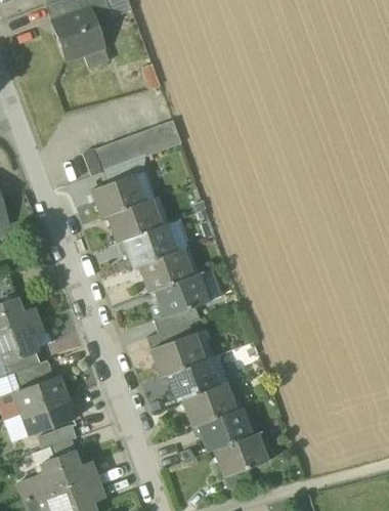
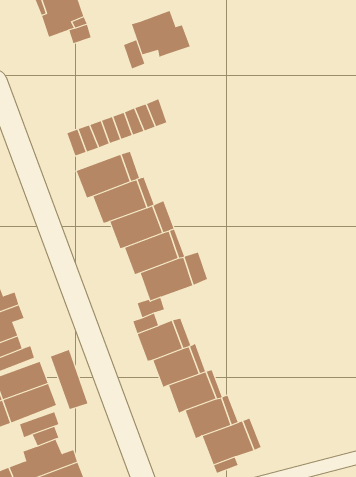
building: none -> [131,10,191,58]
building: none -> [50,349,88,410]

